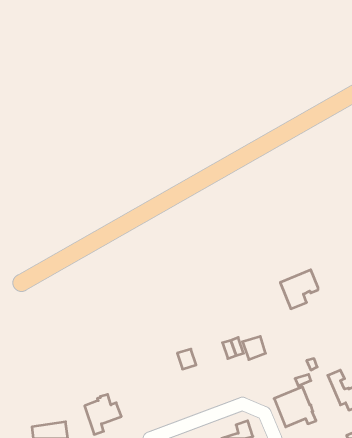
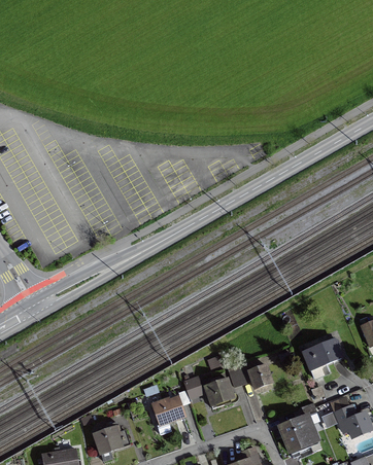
building: [280,270,318,309] -> [303,339,340,378]
building: none -> [204,377,234,408]
building: none -> [151,396,185,424]

